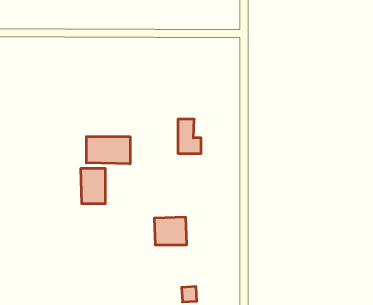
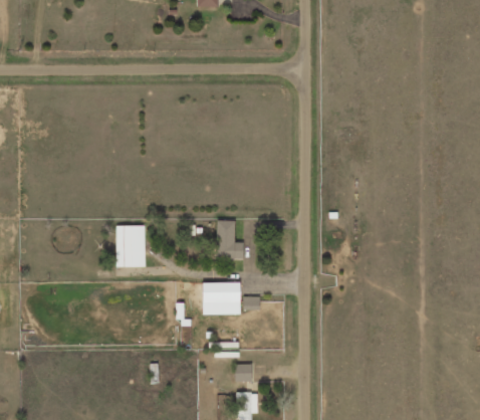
building: [178,119,201,153] -> [217,220,244,260]
building: [86,137,130,164] -> none

